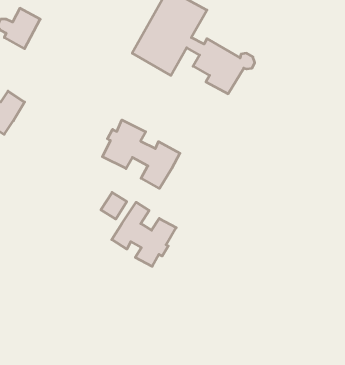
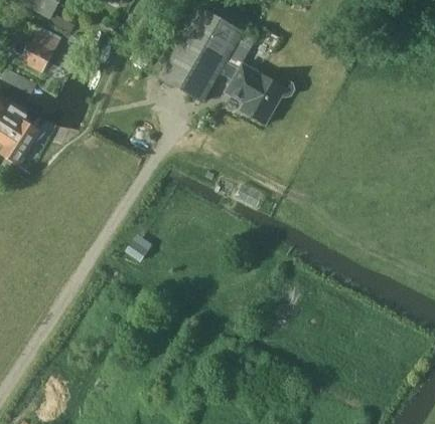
building: [102,120,180,188] -> none
building: [112,202,176,266] -> none

